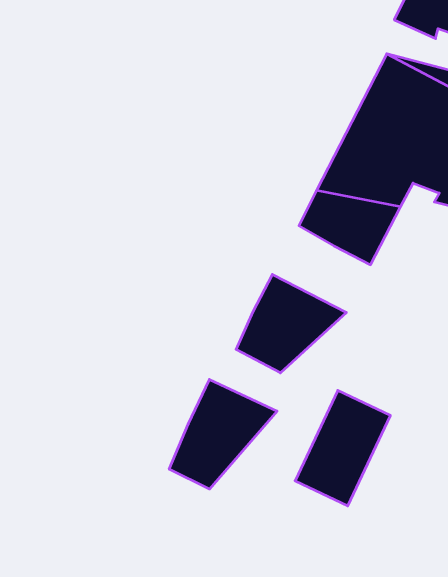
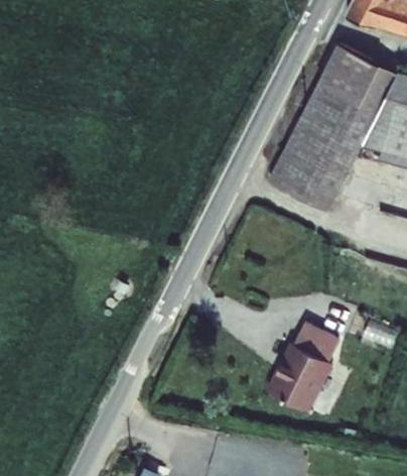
building: [236,274,346,373] -> none
building: [169,379,277,489] -> none

